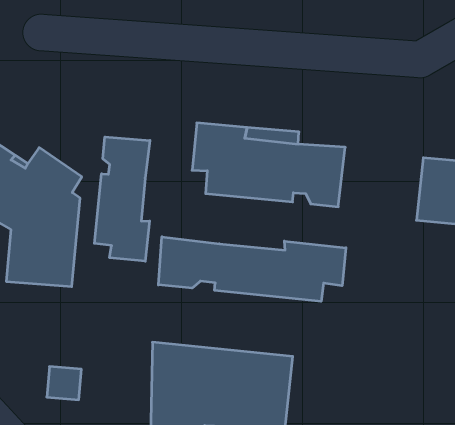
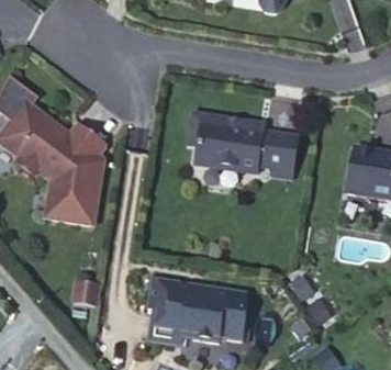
building: [94,137,150,261] -> none
building: [158,237,346,301] -> none

